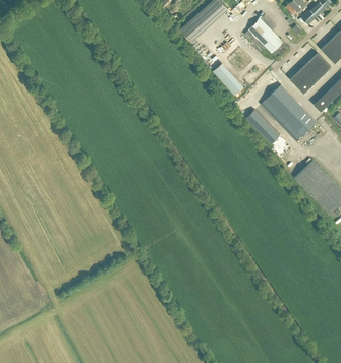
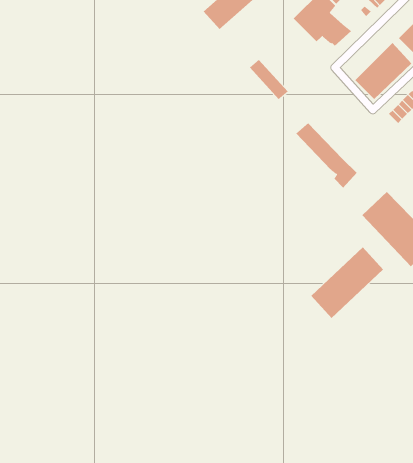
building: [263,84,317,139] -> none
building: none -> [310,246,384,319]

